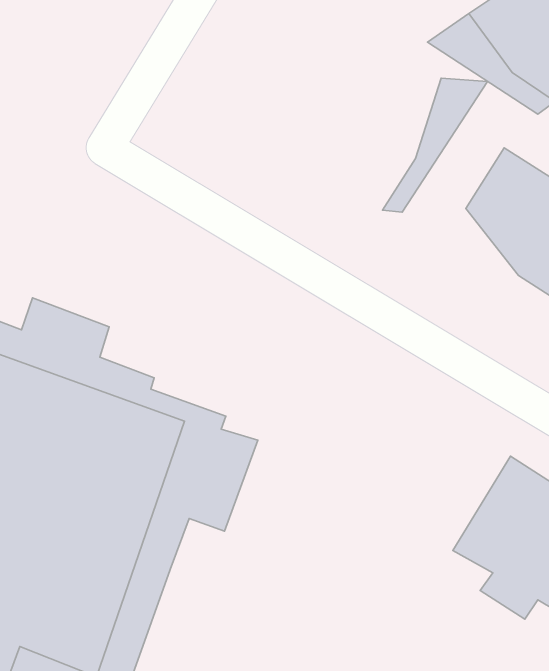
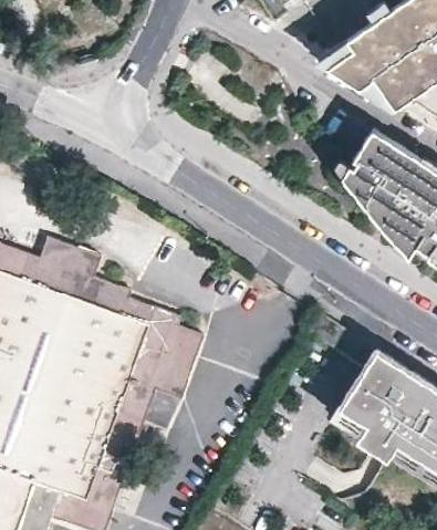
building: [382,78,487,212] -> none

